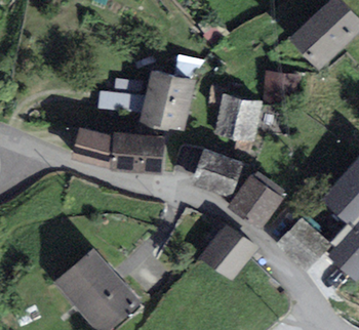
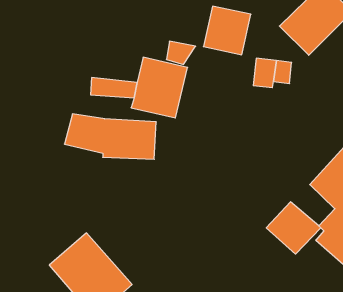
building: [213,92,262,141] -> [203,6,251,55]
building: [191,149,240,197] -> none
building: [226,170,285,231] -> none
building: [200,223,255,279] -> none

